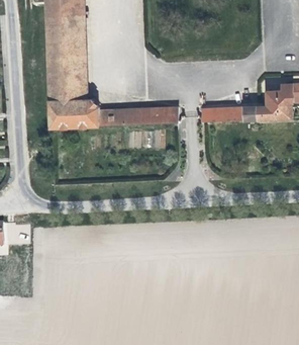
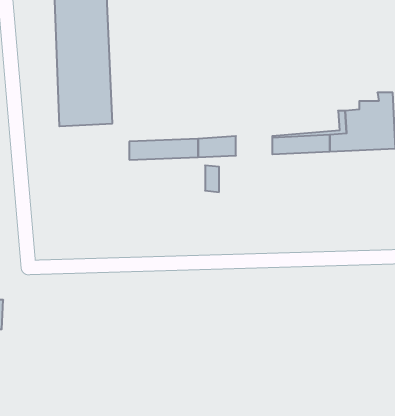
building: [48,99,99,127] -> none

